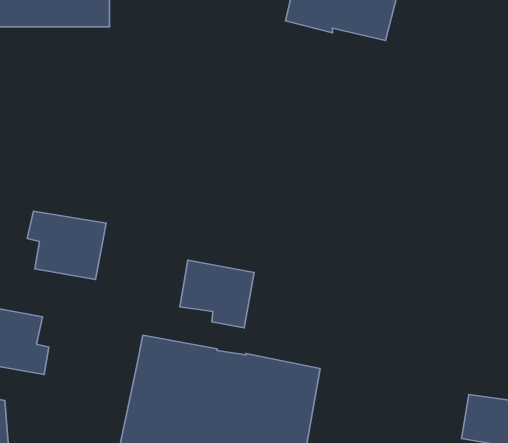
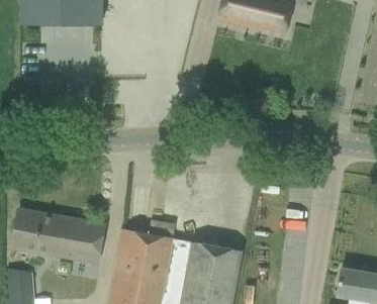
building: [27,211,106,279] -> [54,217,106,263]
building: [180,260,254,328] -> none

